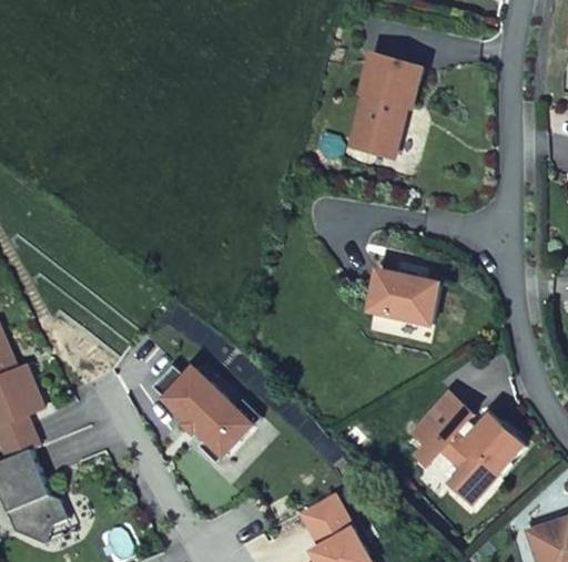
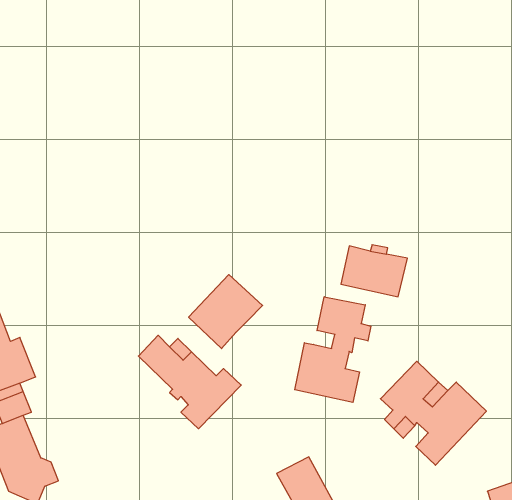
building: [351,53,422,156] -> none
building: none -> [189,275,263,349]
building: none -> [295,297,371,402]

